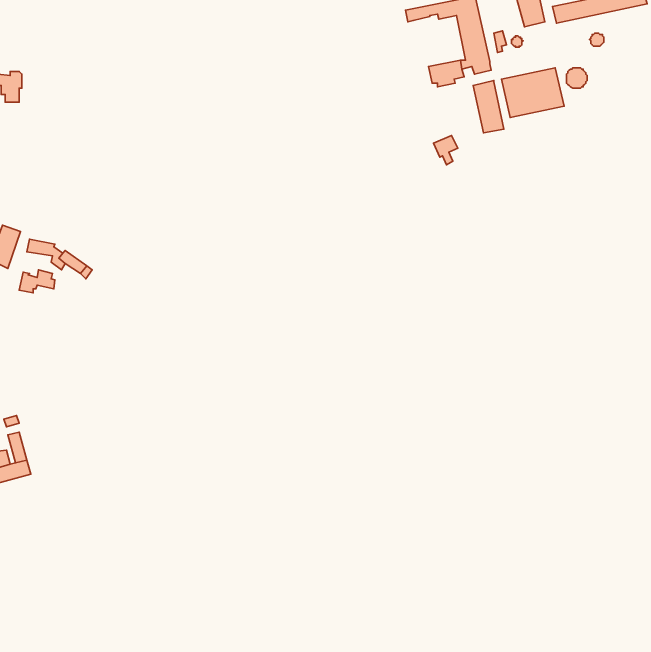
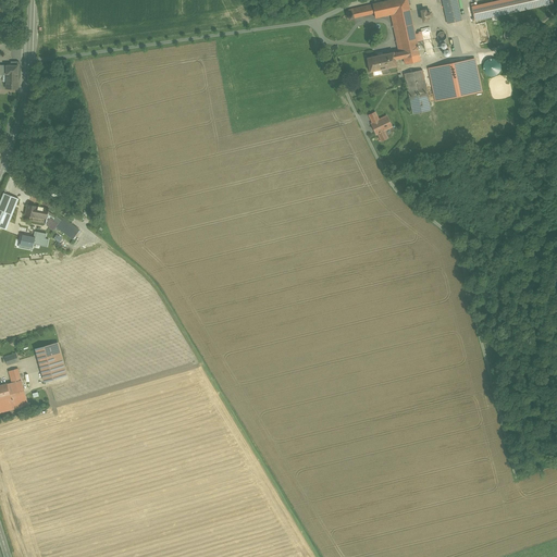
building: none -> [33,342,66,382]

